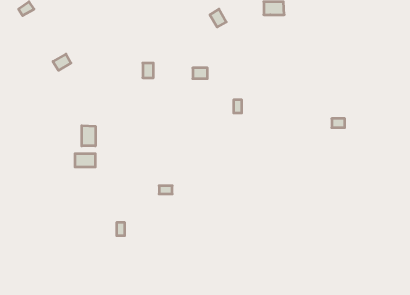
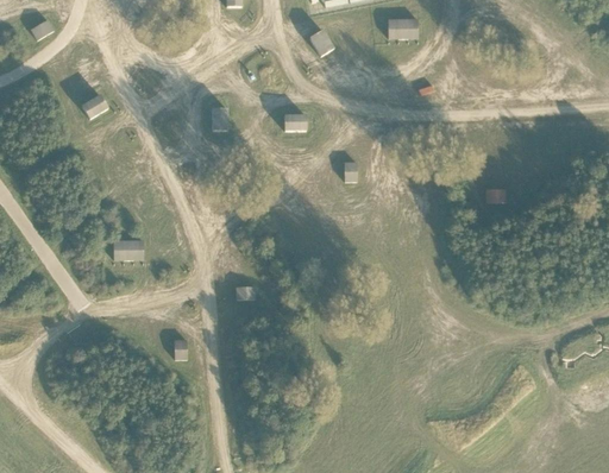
building: [82,126,95,146] -> none

